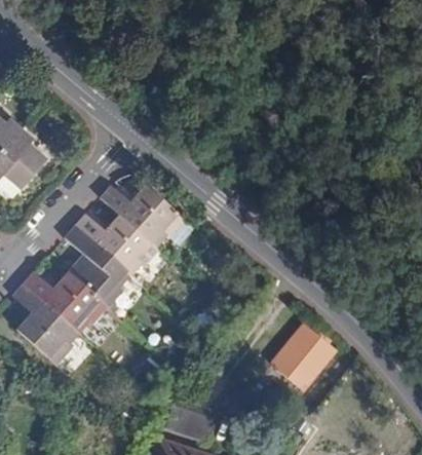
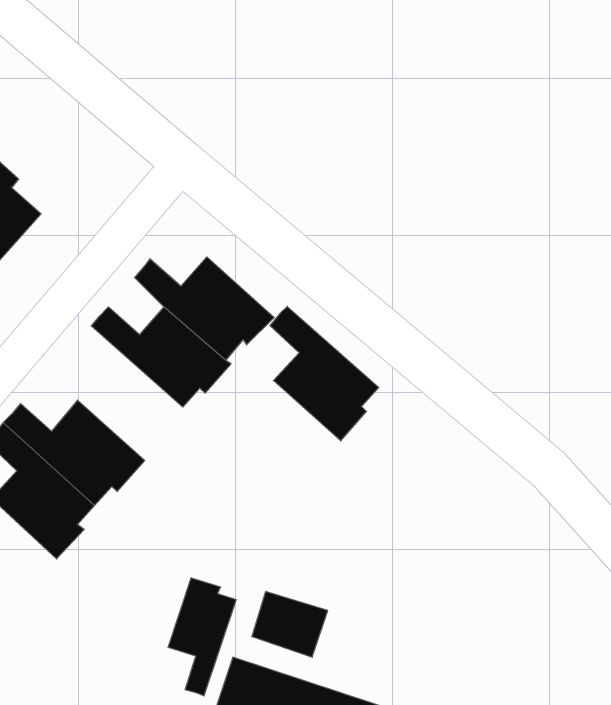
building: [66,227,130,307] -> [270,306,379,441]
building: [260,336,324,403] -> none
building: none -> [168,578,236,696]

